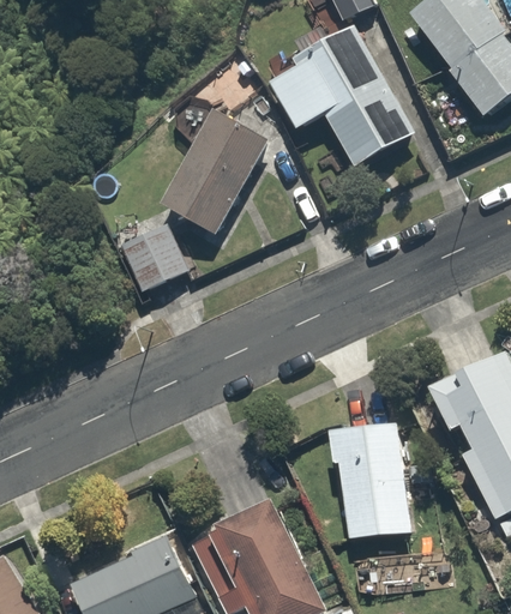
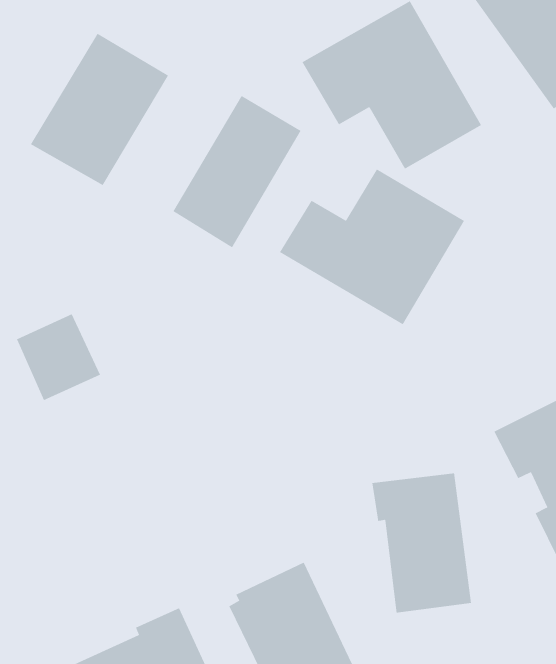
building: none -> [30,33,169,186]
building: none -> [279,168,465,325]
building: [119,222,190,295] -> [16,313,101,401]

